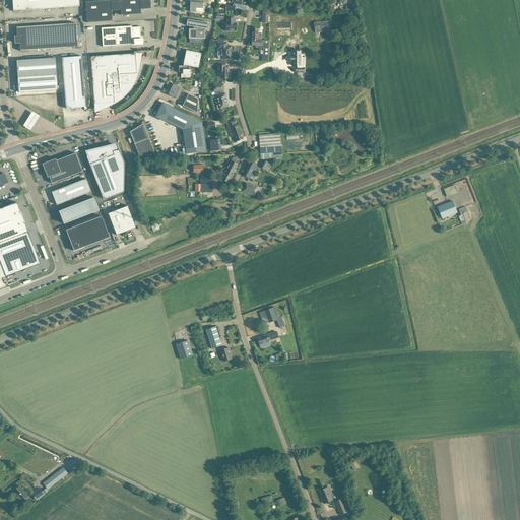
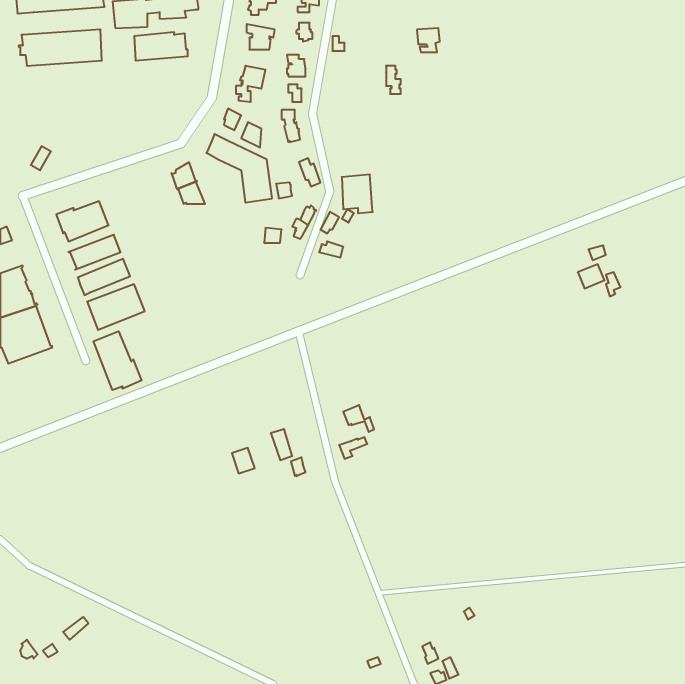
building: [90,53,137,103] -> none
building: [62,55,86,108] -> none
building: [16,57,58,91] -> none
building: [86,144,124,198] -> none
building: [108,202,136,235] -> none
building: none -> [94,331,142,390]

